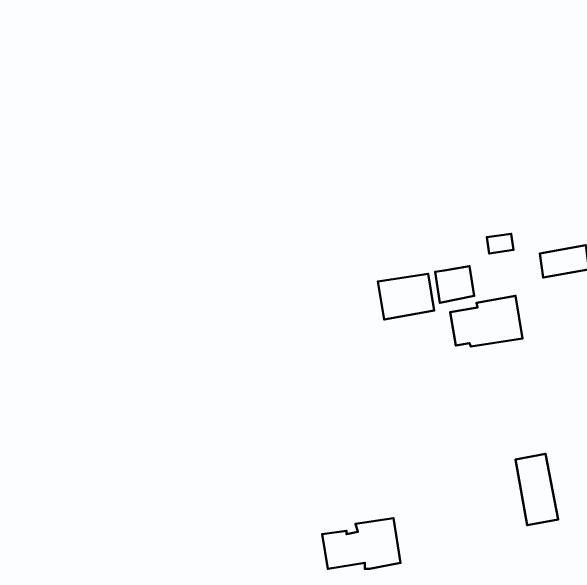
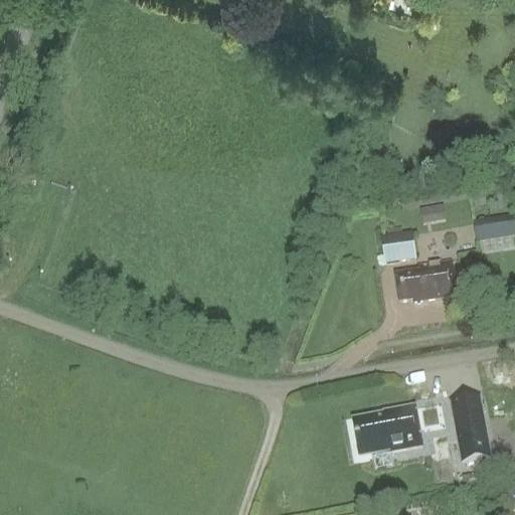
building: [378,274,434,320] -> none
building: [322,518,400,569] -> [353,406,421,451]

